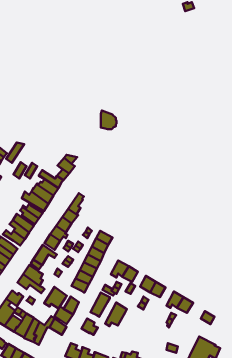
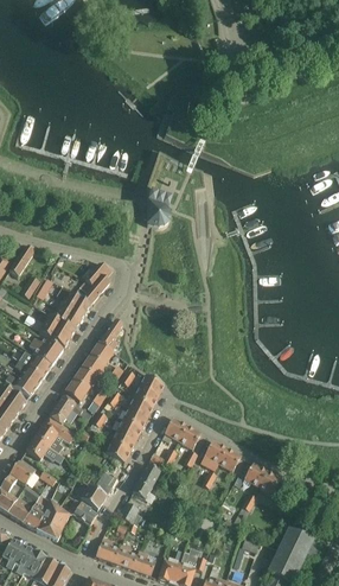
building: [44,287,67,308] -> none
building: [105,302,127,326] -> none

